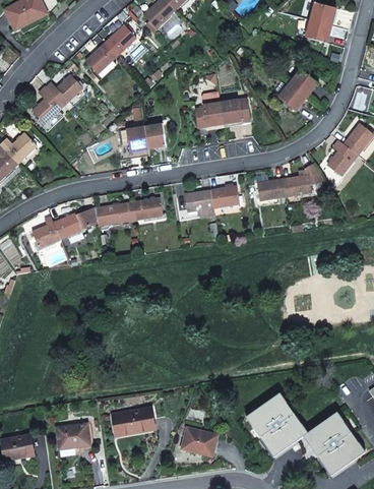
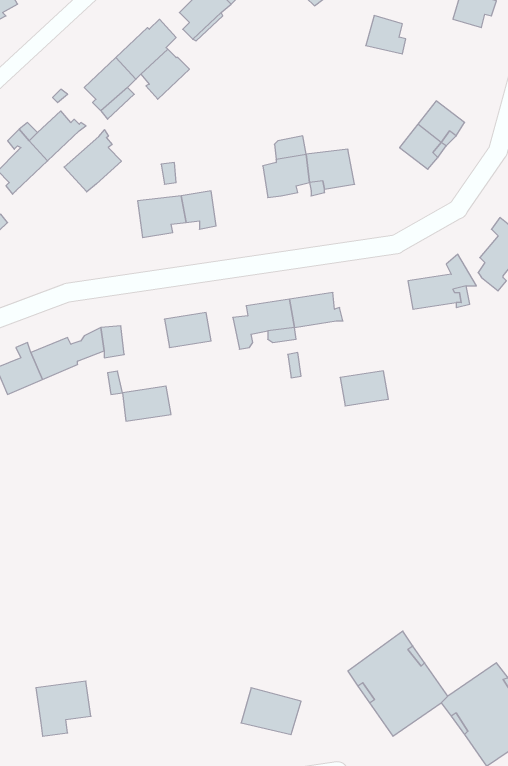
building: [305,19,329,43] -> [366,16,406,54]
building: none -> [64,130,121,192]
building: [256,179,286,200] -> [340,371,388,406]
building: [108,202,137,224] -> [123,386,171,421]
building: [112,408,154,436] -> none

